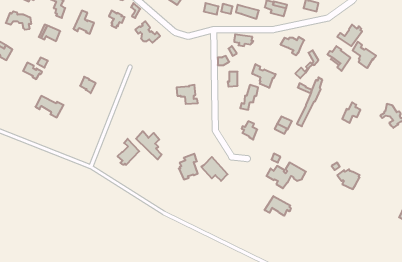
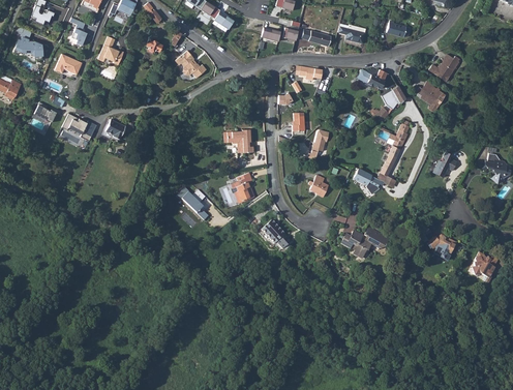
building: [353,42,376,68] -> none
building: [252,64,276,88] -> none
building: [35,96,64,117] -> [61,114,96,141]
building: [118,139,139,165] -> none
building: [179,154,198,179] -> [230,173,253,205]
building: none -> [473,251,499,282]
building: [265,196,291,216] -> none

